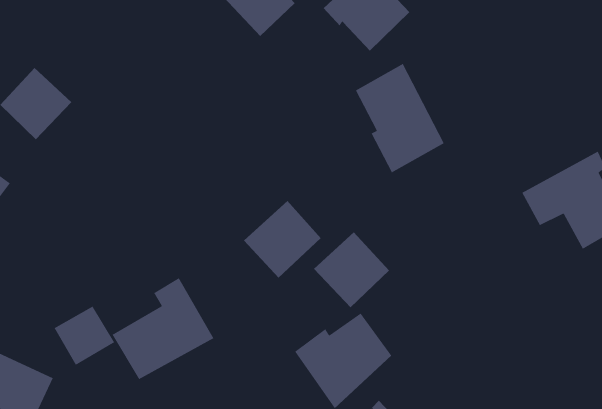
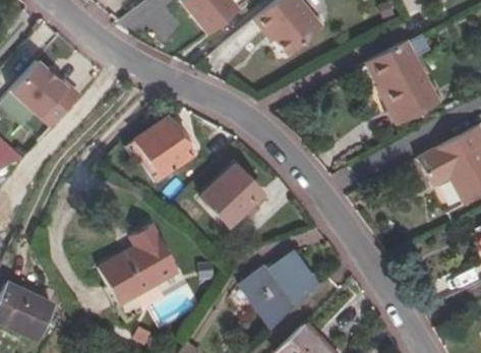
building: [355,63,445,174] -> [368,39,438,125]
building: none -> [134,116,192,177]
building: [313,231,390,308] -> none
building: [53,305,115,366] -> none

